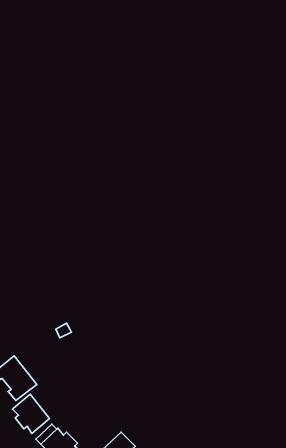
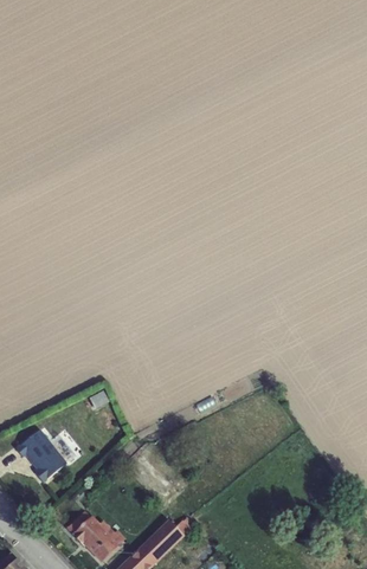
building: [13,394,50,433] -> none

